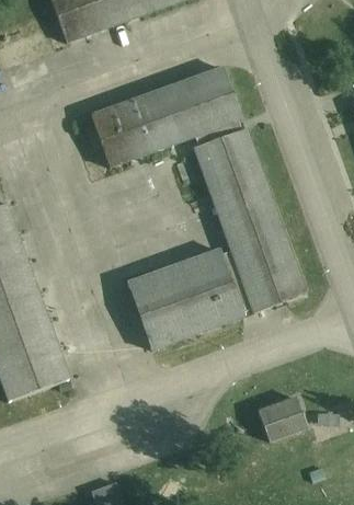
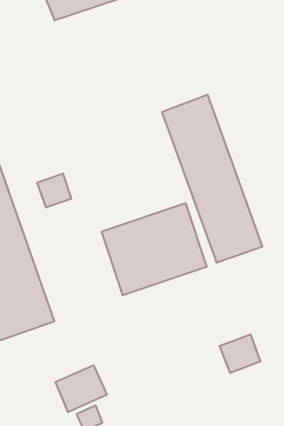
building: [93,64,245,165] -> none
building: none -> [37,173,71,208]
building: none -> [55,365,107,412]

